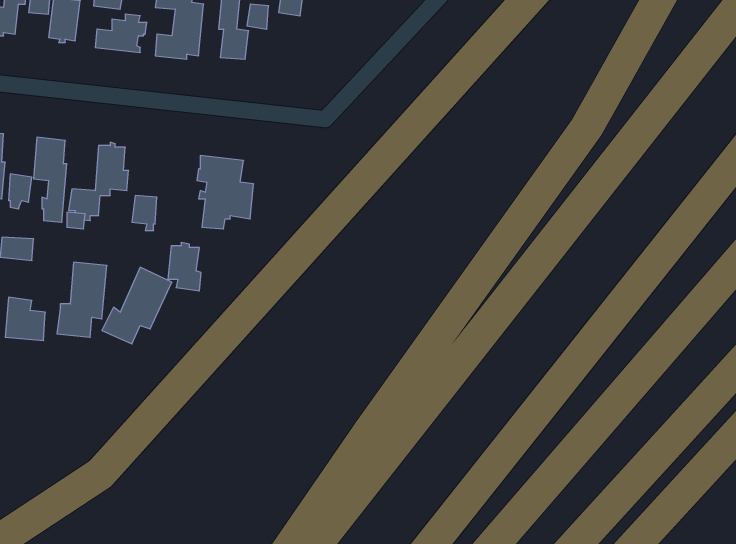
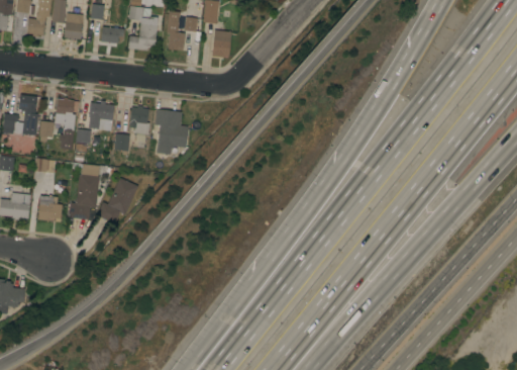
building: none -> [212,30,231,58]
building: [168,243,201,291] -> [129,105,149,134]

